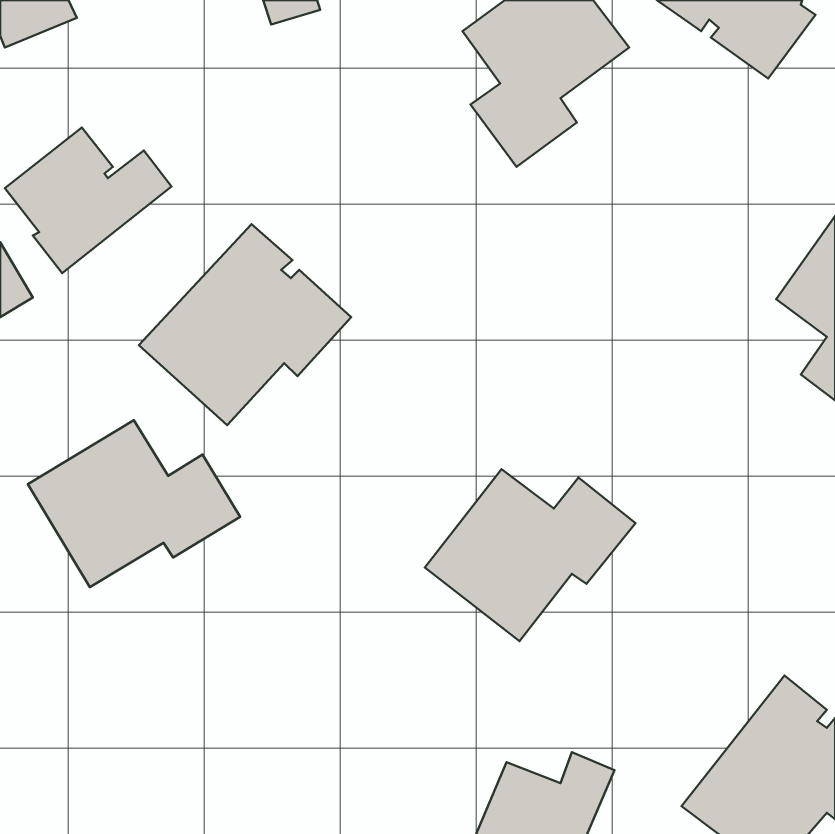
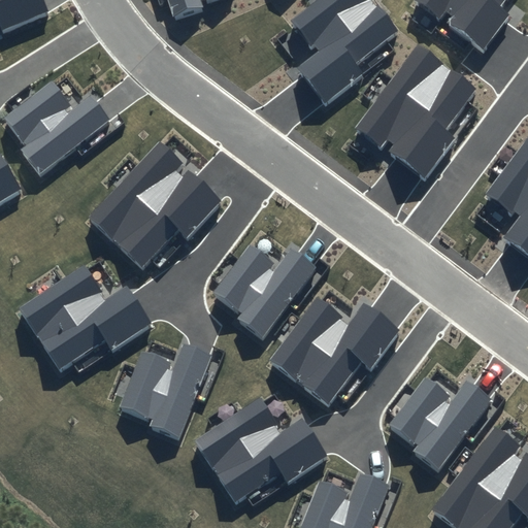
building: none -> [356,43,477,177]
building: none -> [213,244,315,336]
building: none -> [122,349,212,439]
building: none -> [390,380,490,470]
building: none -> [195,398,329,503]

